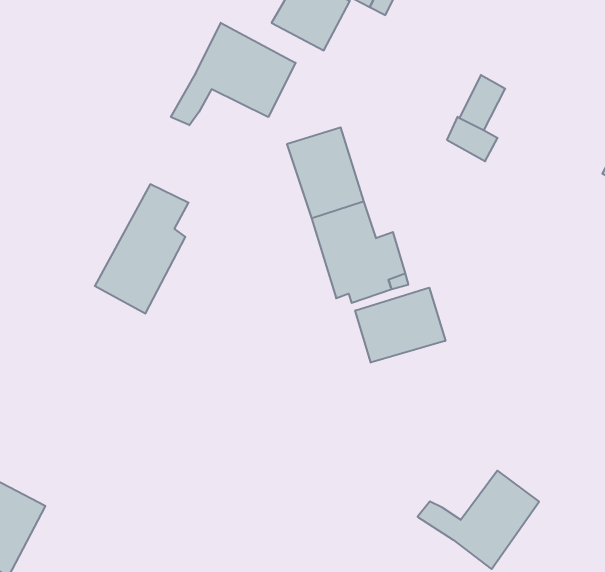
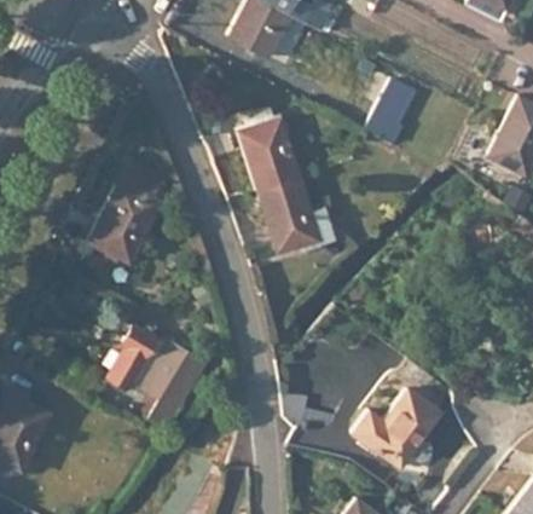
building: [171,23,296,125] -> none
building: [355,288,445,363] -> none
building: none -> [109,331,204,432]

